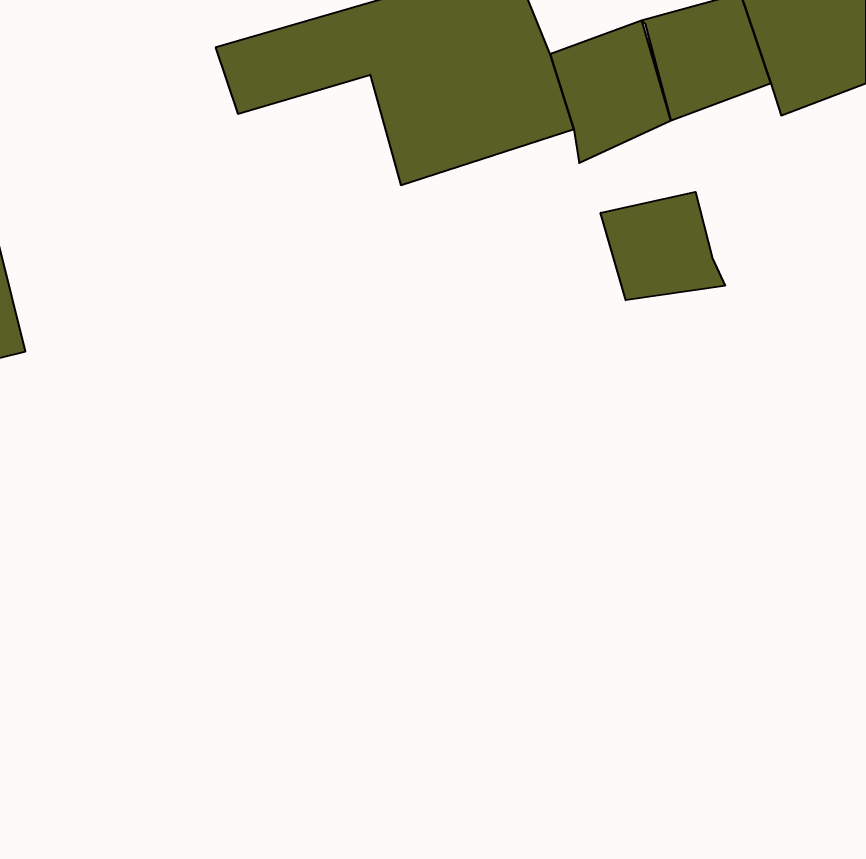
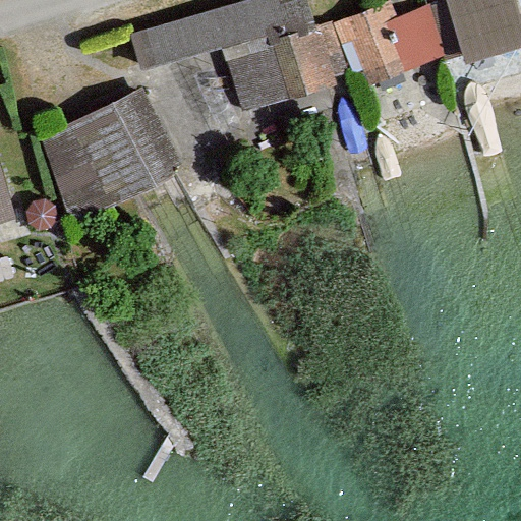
building: none -> [40,85,184,229]
building: [601,192,725,300] -> none

